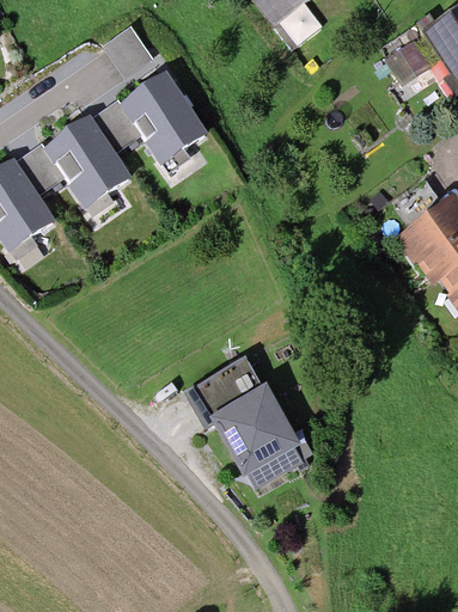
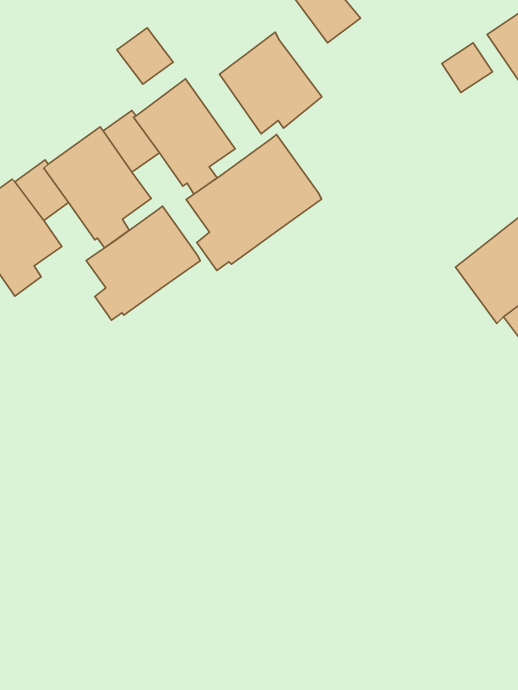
building: none -> [219,32,322,134]
building: none -> [186,135,322,271]
building: none -> [86,206,200,320]
building: [194,371,294,492] -> none

